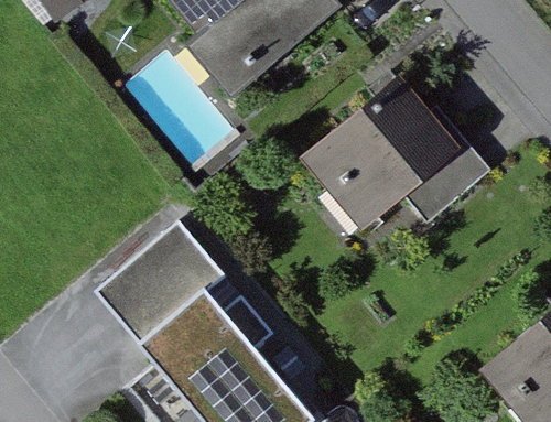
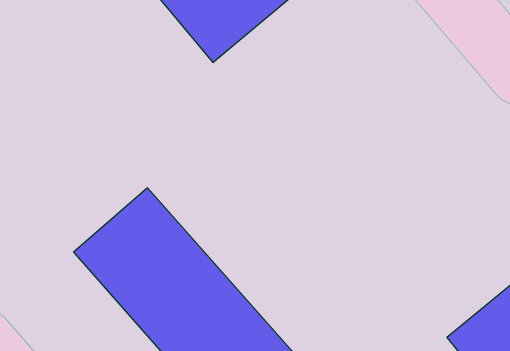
building: [301,83,461,239] -> none

